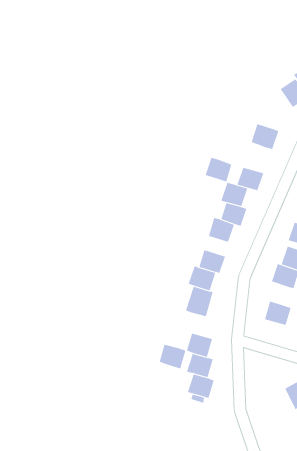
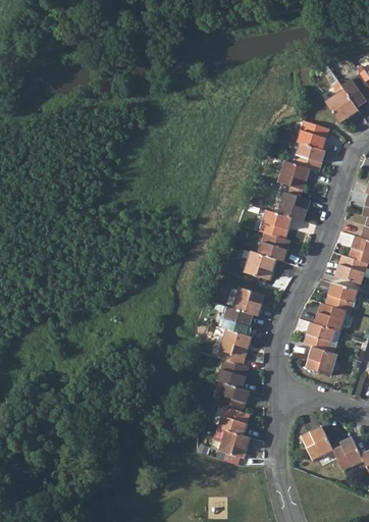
building: none -> [295,121,327,150]
building: [205,157,232,182] -> [276,162,308,191]
building: none -> [304,323,335,352]
building: [159,344,186,369] -> [215,360,247,388]
building: none -> [301,427,331,460]

